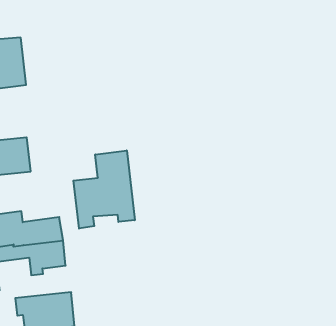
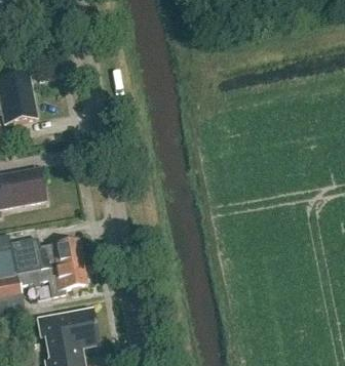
building: [73,150,135,229] -> none

